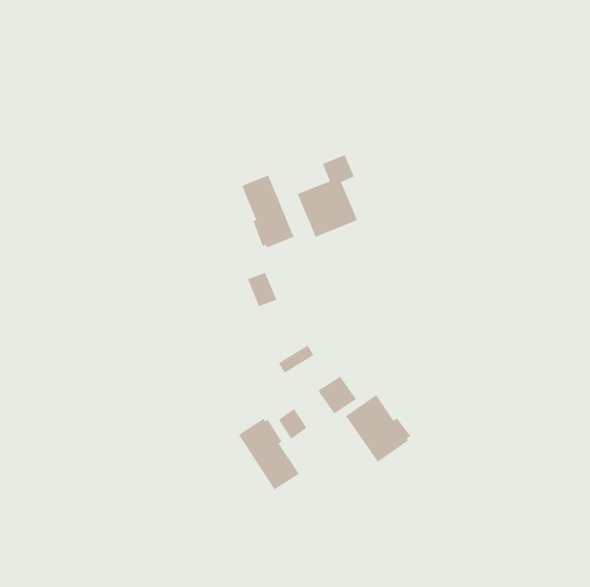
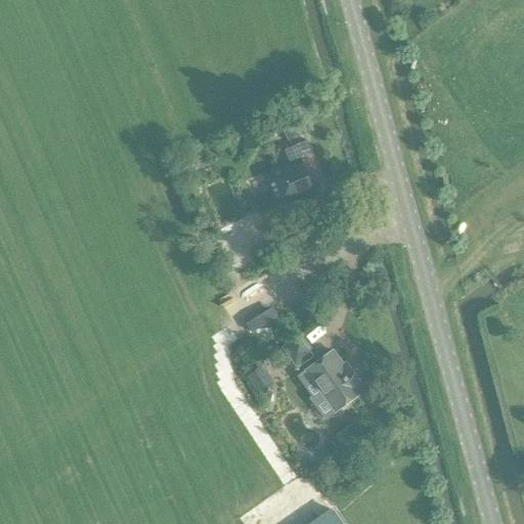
building: [241,174,294,248] -> none
building: [238,418,299,490] -> none

